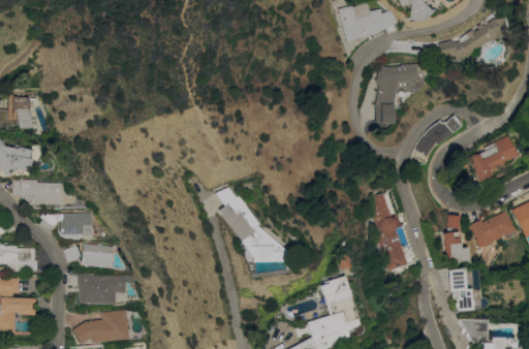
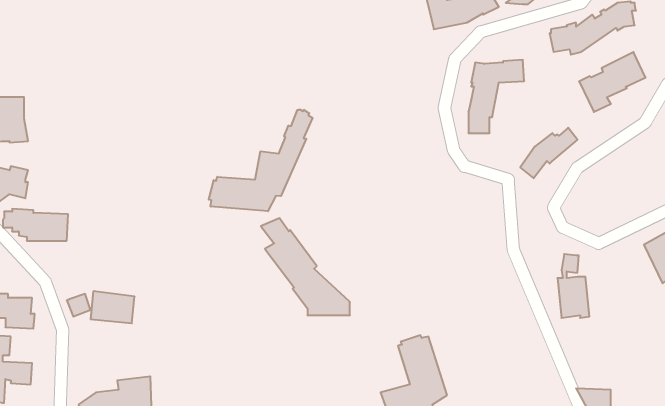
building: none -> [209,109,312,211]
building: [467,135,519,182] -> [579,52,646,112]
building: [374,193,416,272] -> none
building: [471,212,517,249] -> none
building: [40,213,94,236] -> none
building: [447,268,472,312] -> none
building: [77,275,128,306] -> none

